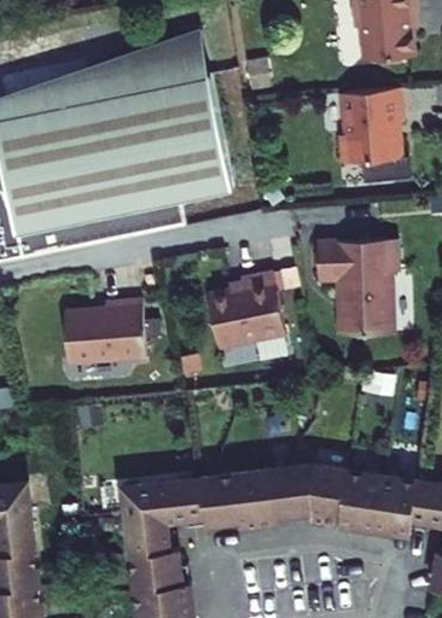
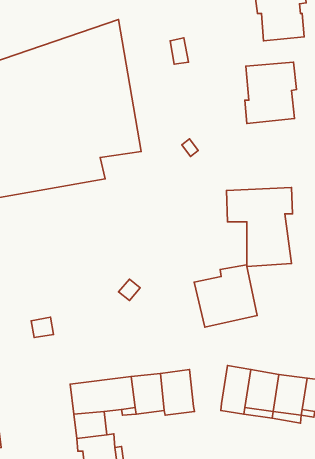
building: [214,282,292,360] -> [194,265,257,327]
building: [68,307,152,372] -> none
building: [272,464,319,514] -> none

